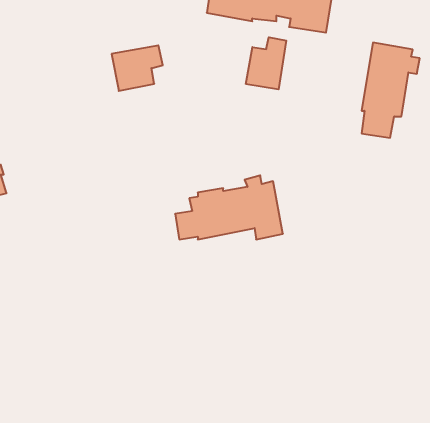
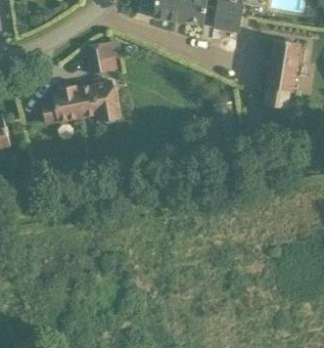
building: [246,37,286,89] -> none
building: [175,175,283,239] -> [42,77,120,123]

